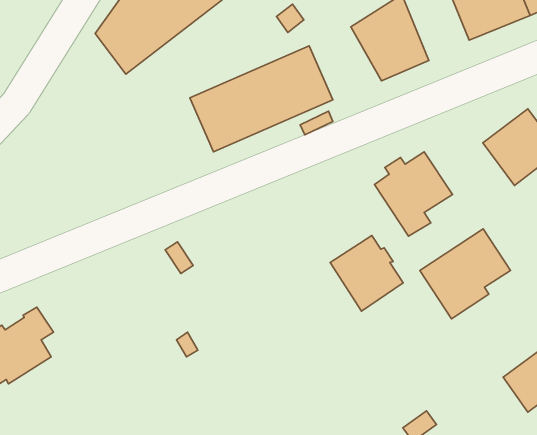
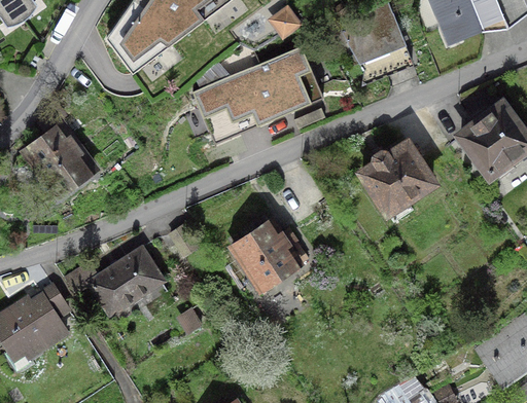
building: none -> [25,124,93,194]
building: [420,229,510,319] -> none
building: [330,236,403,311] -> [232,221,298,290]
building: none -> [64,247,164,316]

